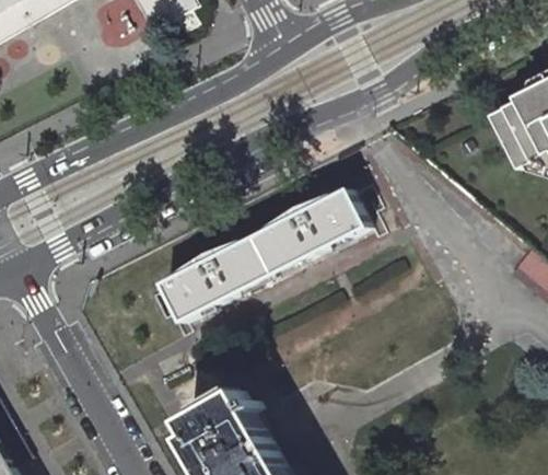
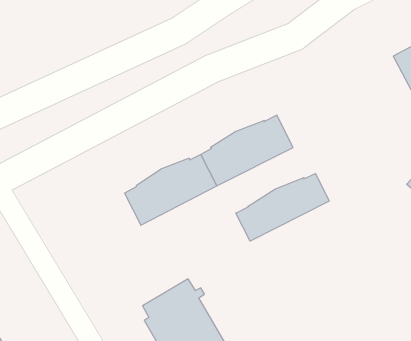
building: none -> [236,174,329,241]

